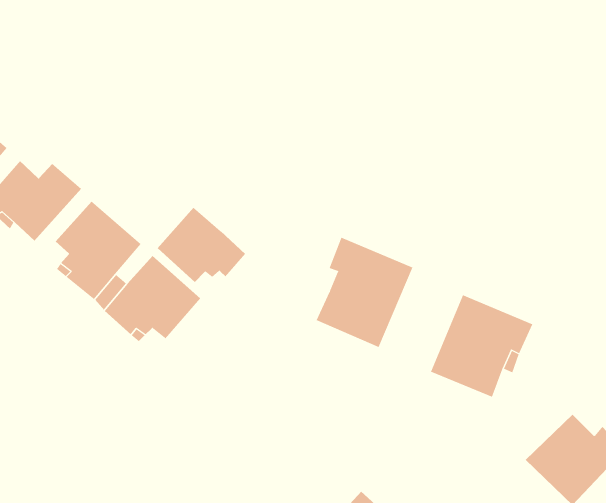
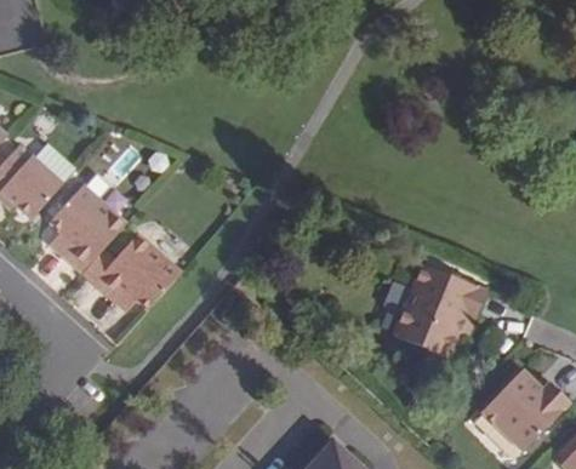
building: [157,207,246,283] -> none
building: [316,237,413,348] -> none

